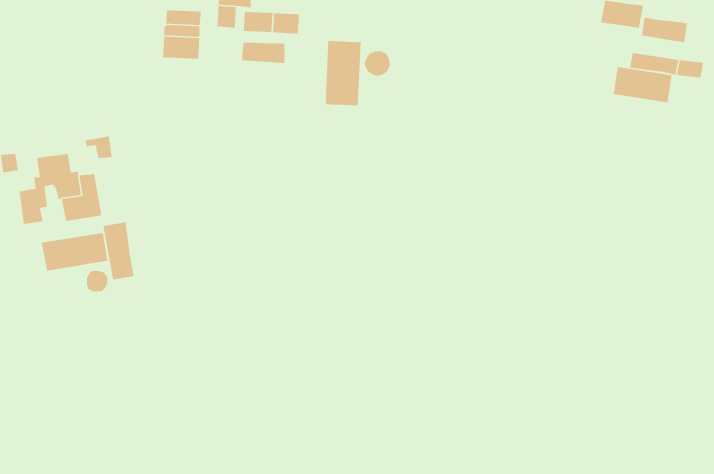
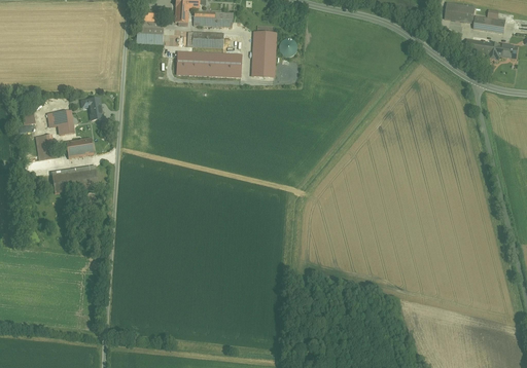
building: [613,66,672,103] -> none
building: none -> [175,50,241,78]
building: [102,222,135,280] -> none

